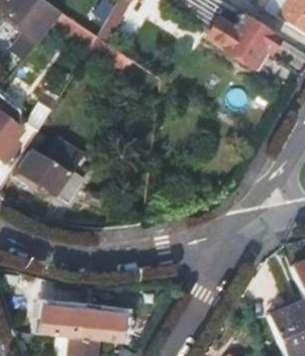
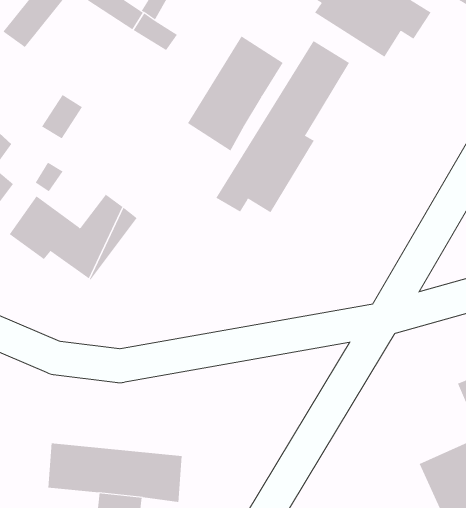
building: none -> [187,36,283,152]
building: none -> [216,40,350,213]

